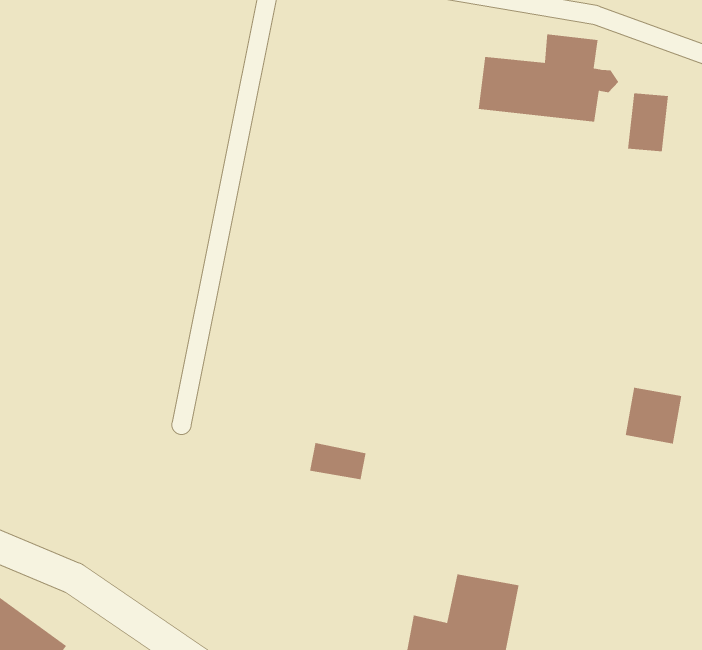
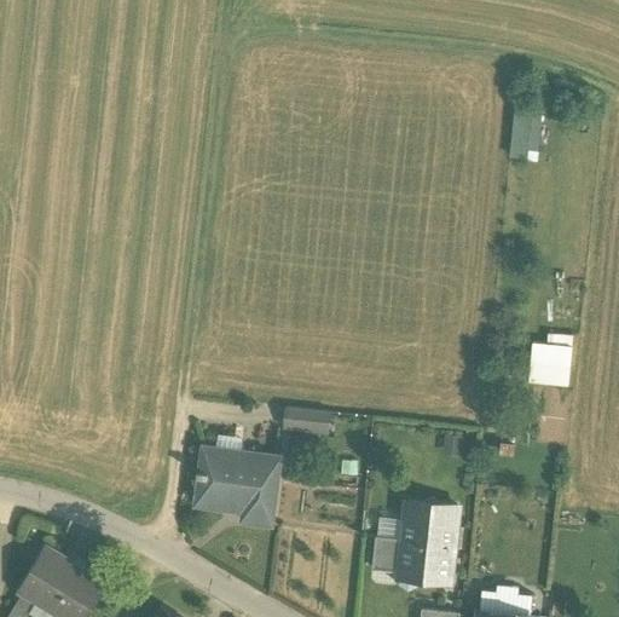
building: [478,34,619,122] -> none
building: none -> [195,451,279,525]

